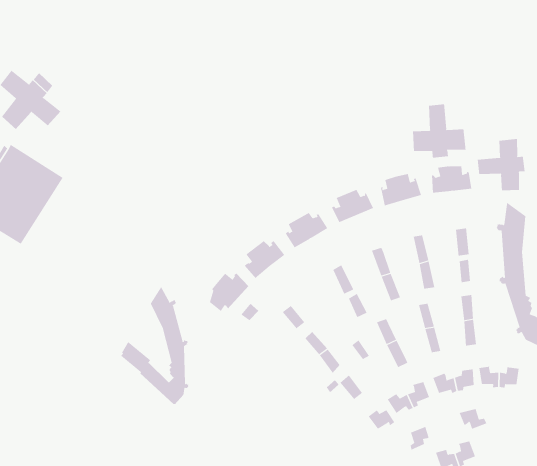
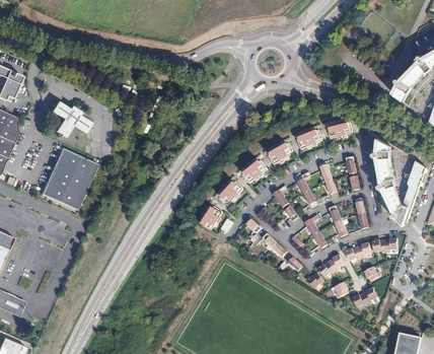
building: [412,104,466,158] -> none
building: [477,138,525,191] -> none
building: [120,286,189,405] -> none

